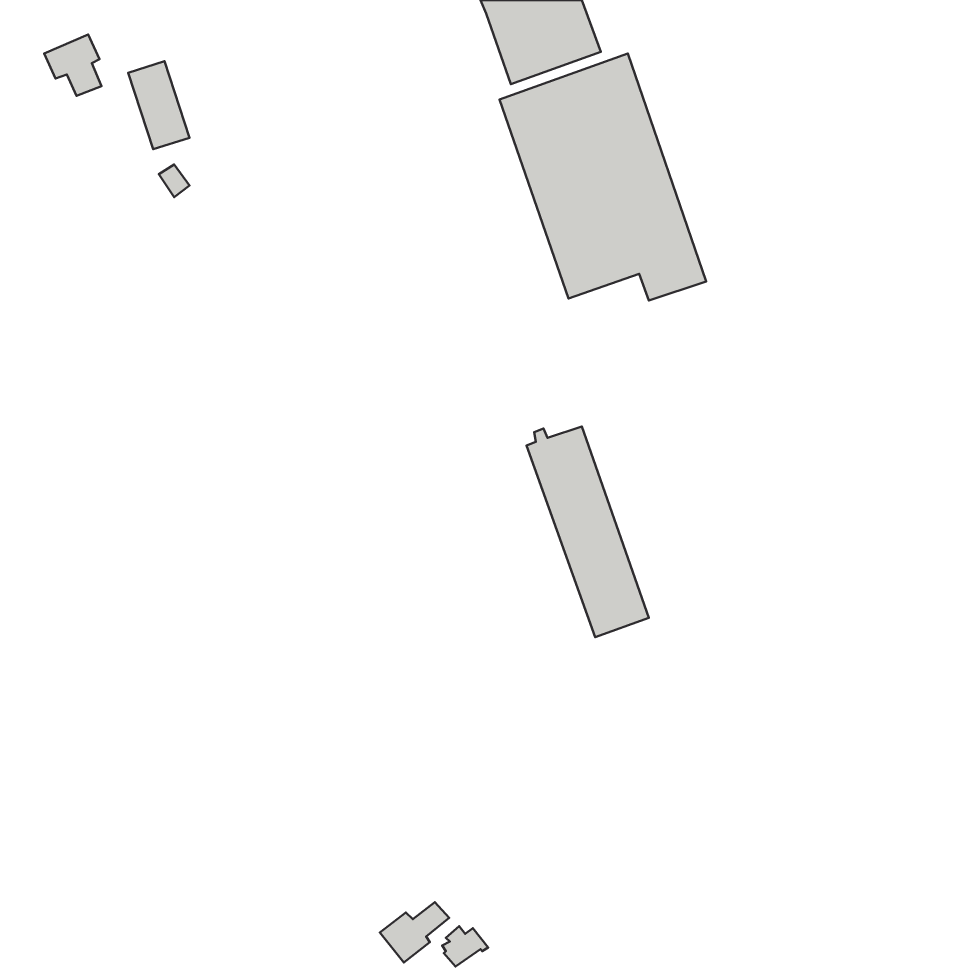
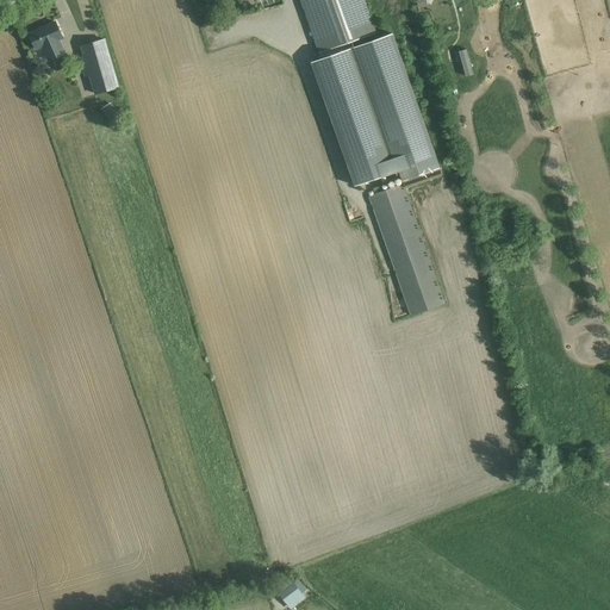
building: [526,426,649,637] -> [367,185,443,316]
building: [380,902,449,962] -> none

